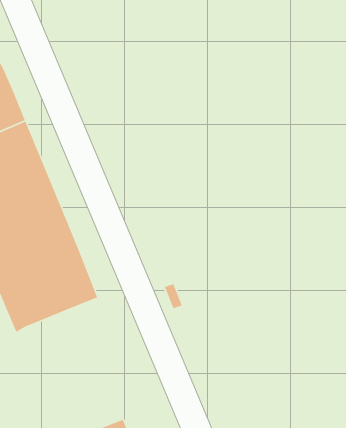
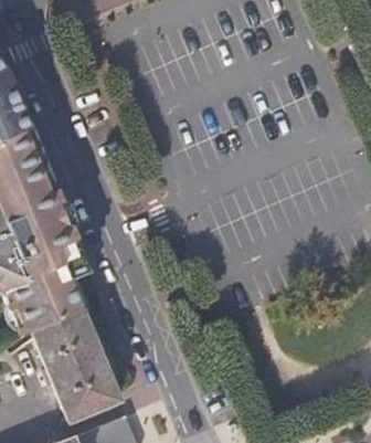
building: none -> [31,305,119,415]

